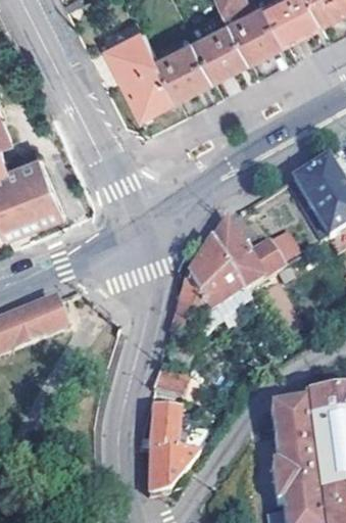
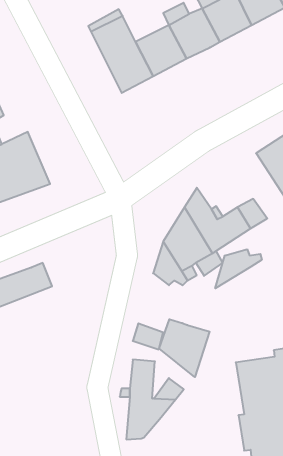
building: none -> [215,249,262,288]
building: none -> [159,319,210,377]

